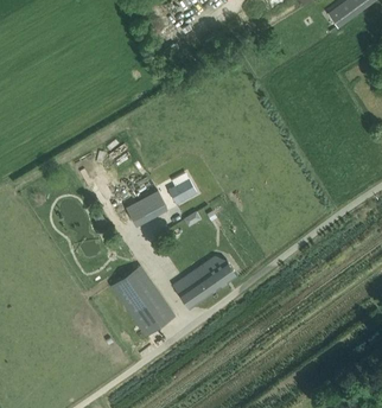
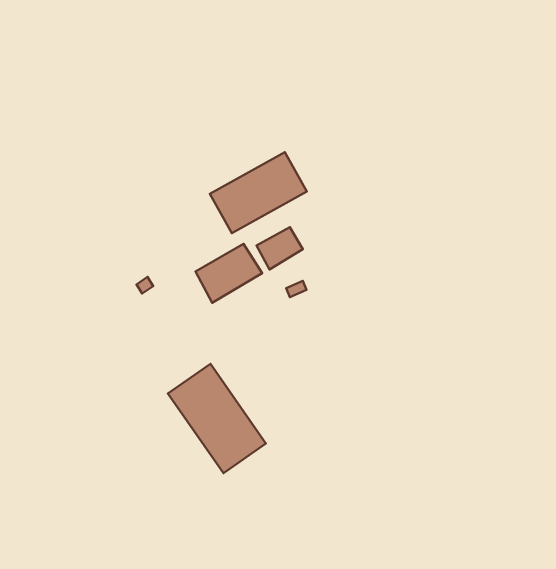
building: none -> [210,152,307,233]
building: [172,256,236,308] -> none

